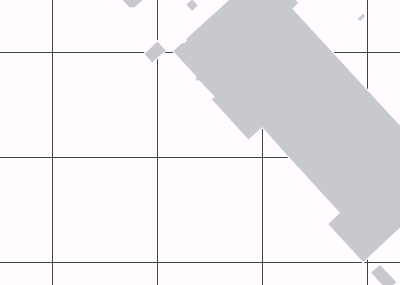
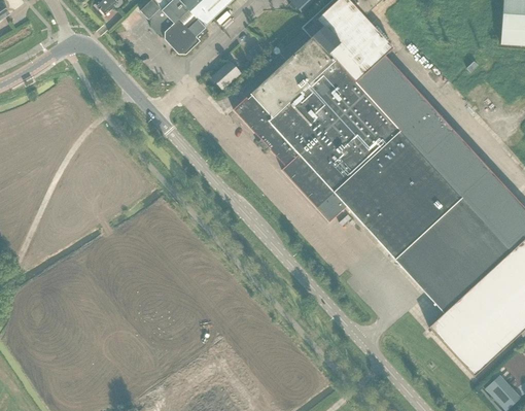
building: [144,41,166,64] -> [212,60,241,89]

